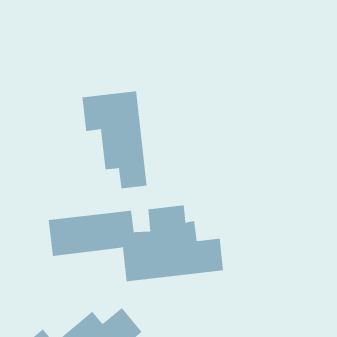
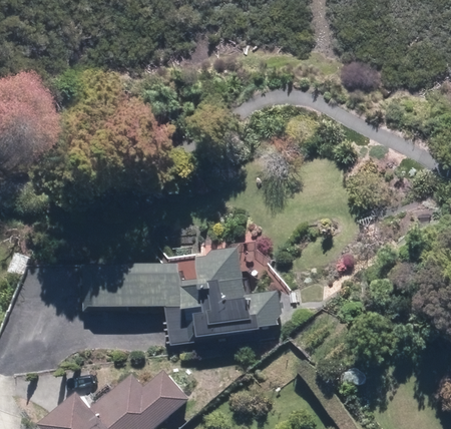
building: [82,91,147,189] -> none

